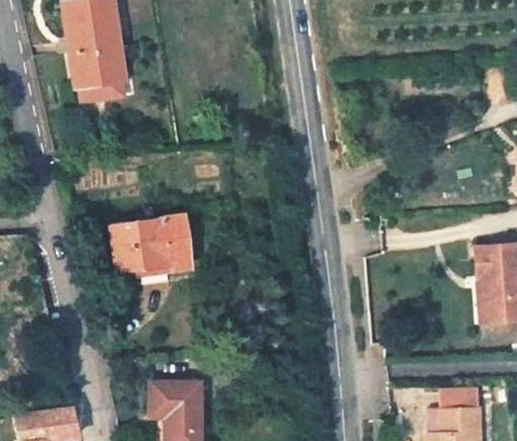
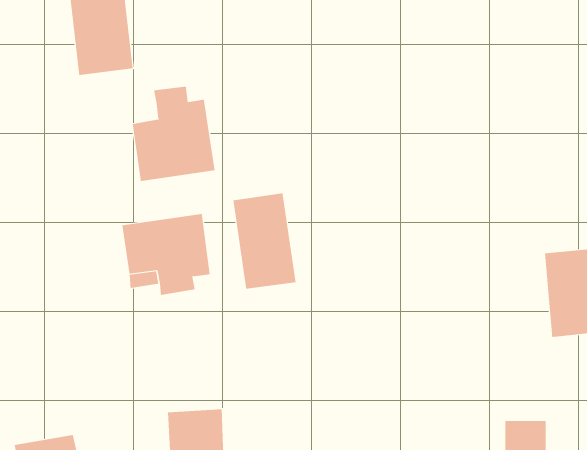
building: none -> [132,86,215,182]
building: none -> [233,192,296,289]

